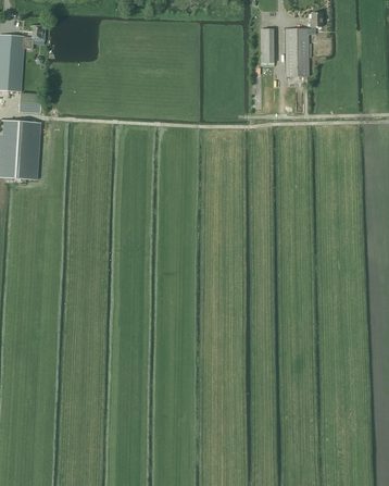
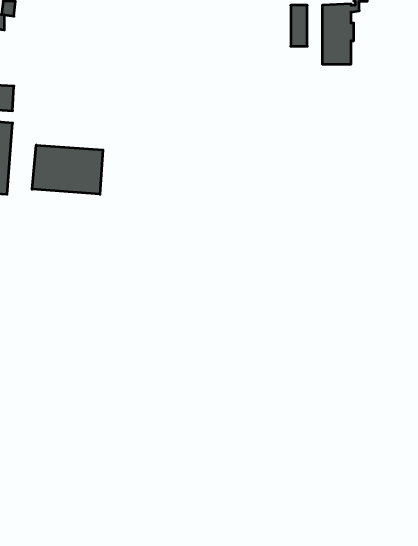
building: none -> [32,145,103,194]

